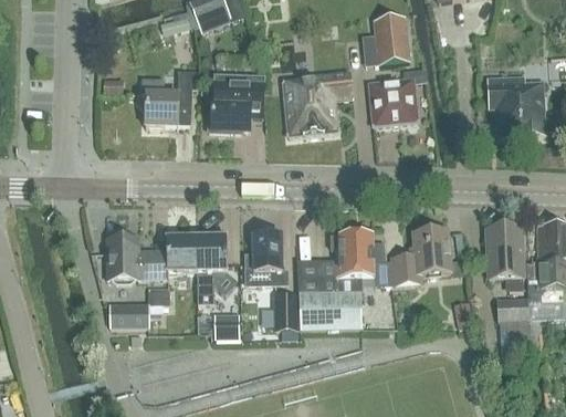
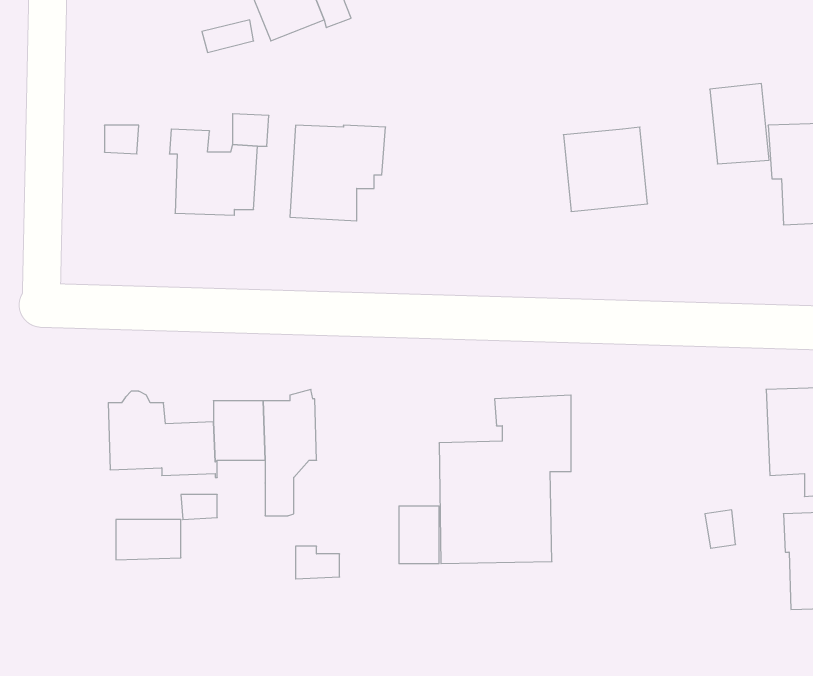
building: [374,15,408,62] -> [710,84,769,164]
building: [282,70,352,134] -> none
building: [390,229,450,284] -> none
building: [243,232,287,284] -> none

